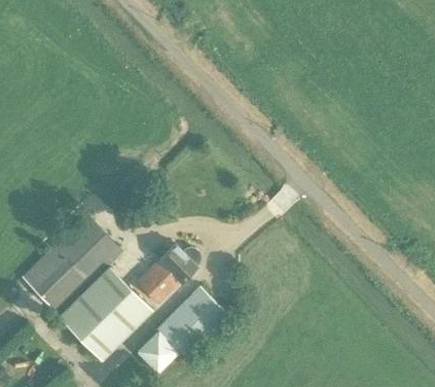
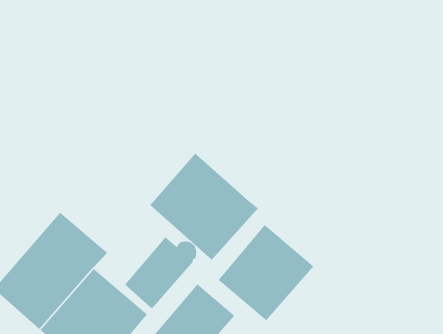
building: none -> [149,153,259,261]
building: none -> [218,224,314,321]

